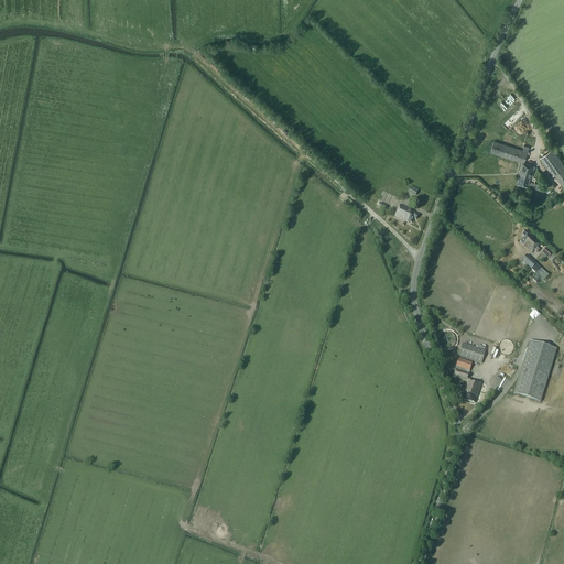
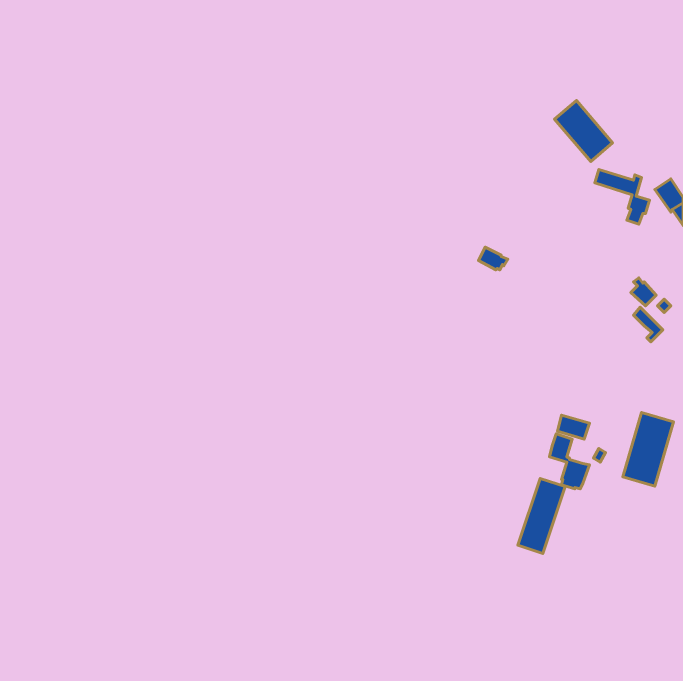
building: none -> [555,100,613,161]
building: none -> [518,478,565,553]

